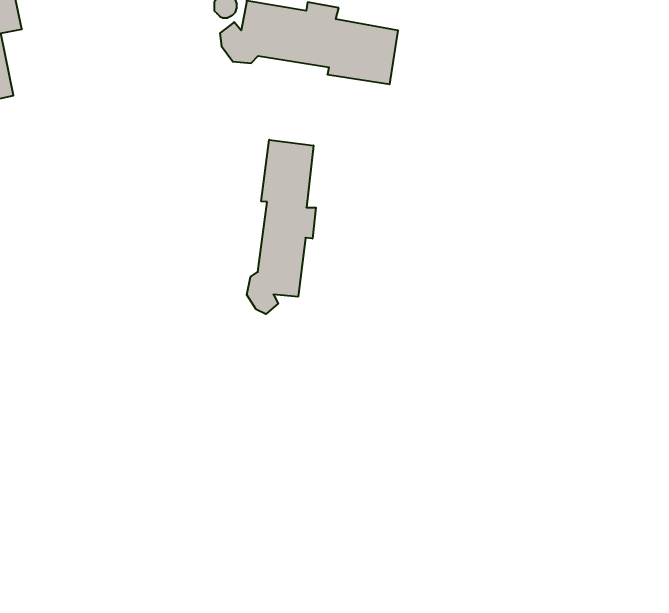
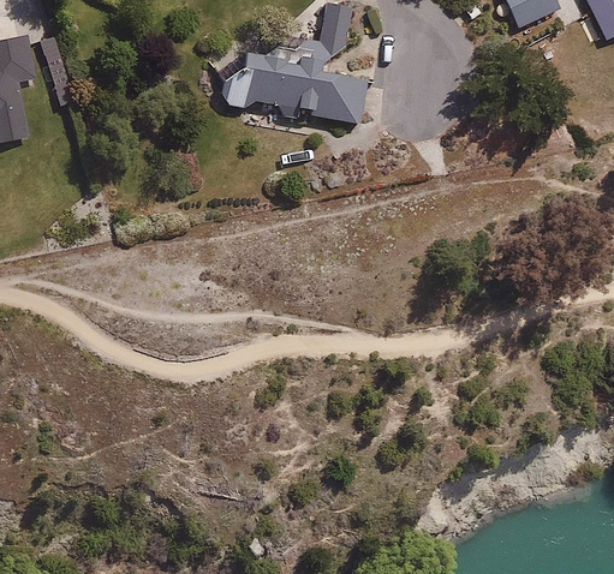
building: [247,140,316,314] -> none

